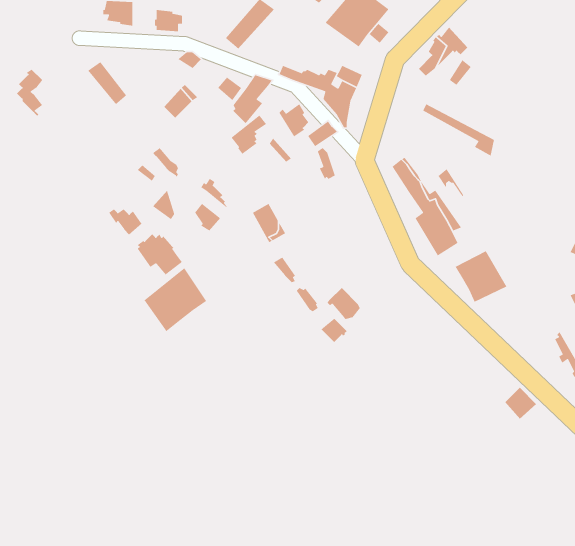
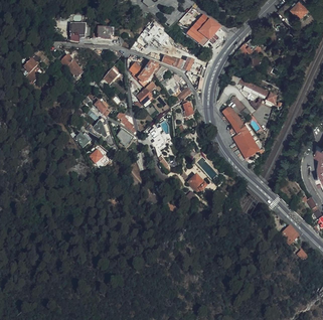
building: [455,250,508,303] -> none
building: [143,267,207,332] -> none

